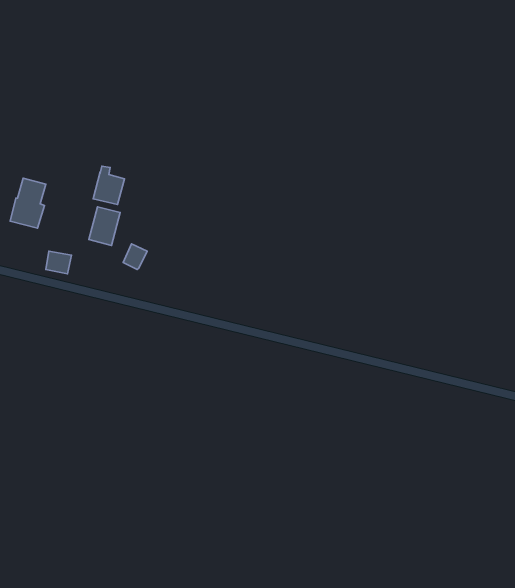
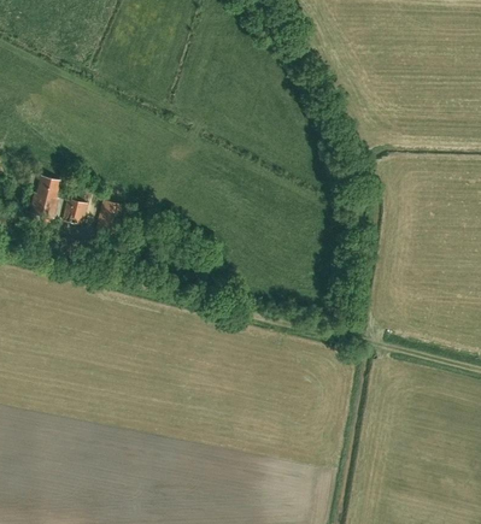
building: [93,166,125,205] -> [61,193,88,225]

